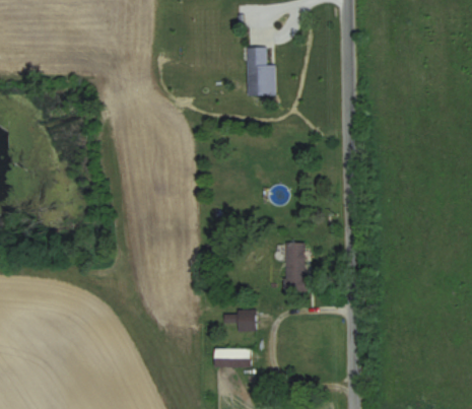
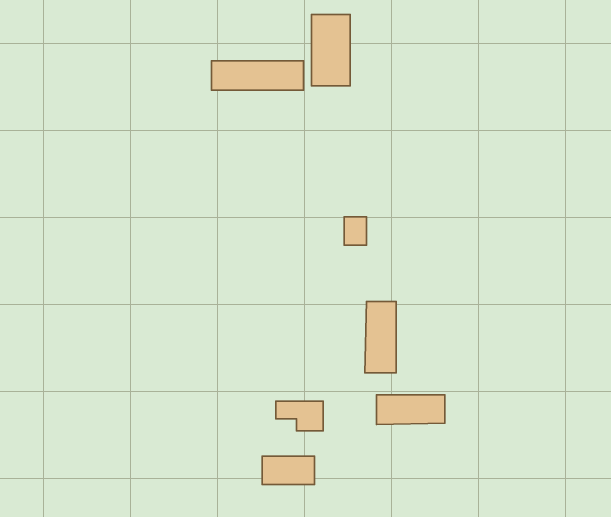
building: none -> [212,61,304,90]
building: none -> [377,395,445,424]

